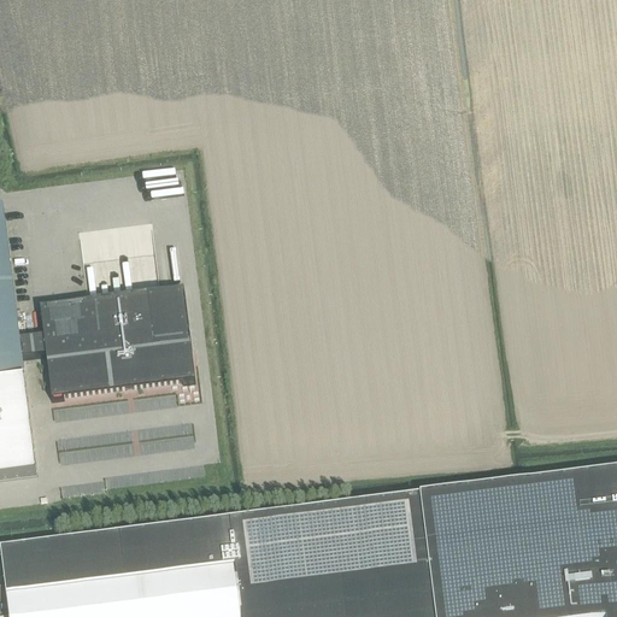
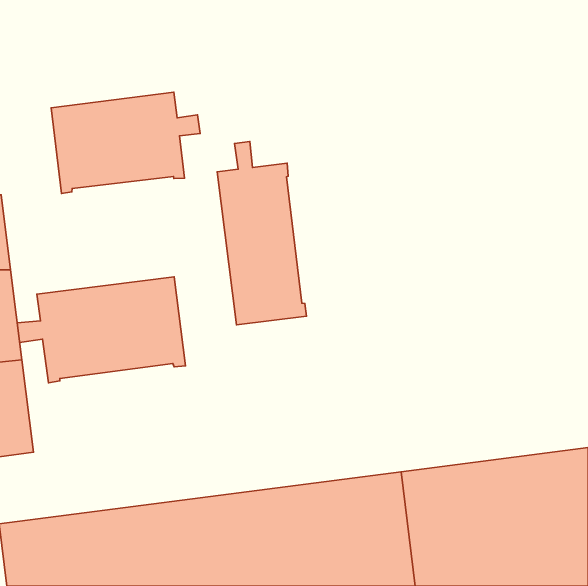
building: none -> [51,92,200,194]
building: none -> [217,142,307,325]

